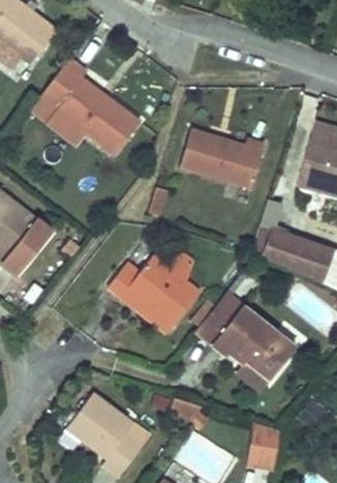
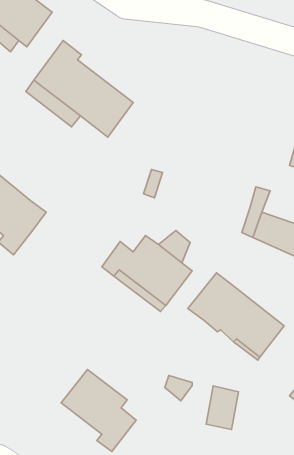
building: [178,125,264,187] -> none
building: [248,424,281,469] -> [206,386,239,429]

